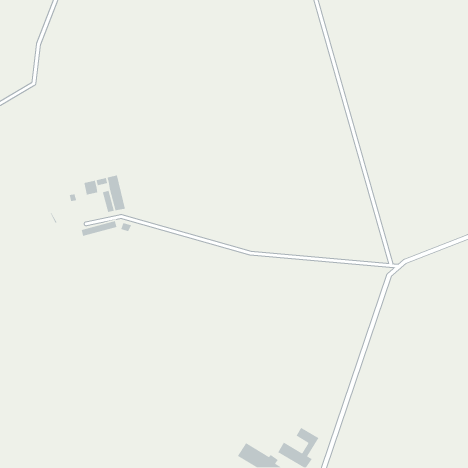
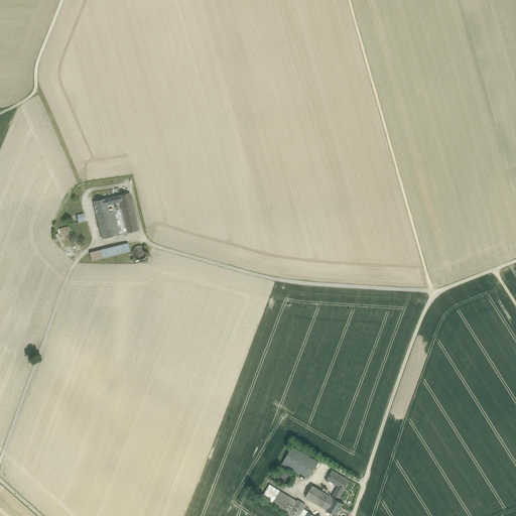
building: none -> [95,211,118,238]
building: none -> [281,445,317,479]

